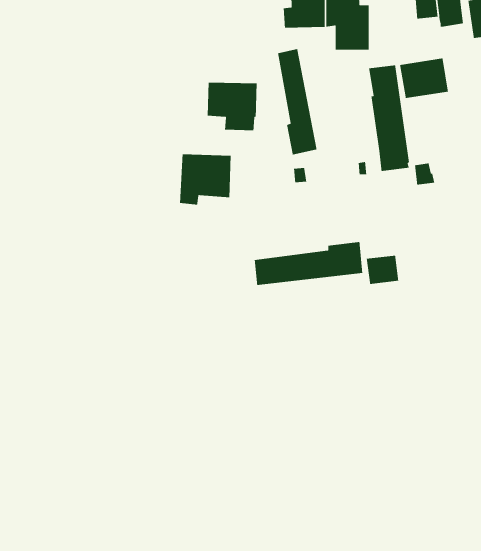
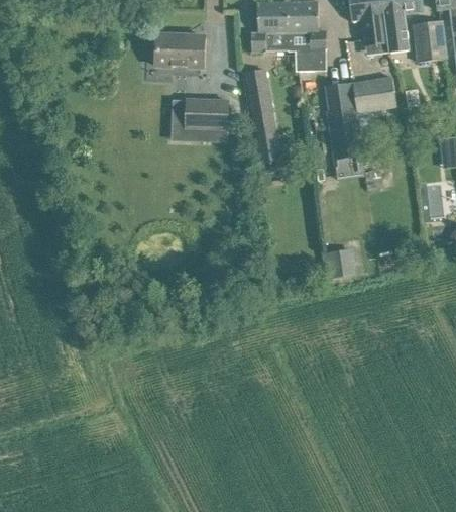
building: none -> [155,33,203,67]
building: [179,154,231,205] -> none
building: [254,241,363,286] -> none

